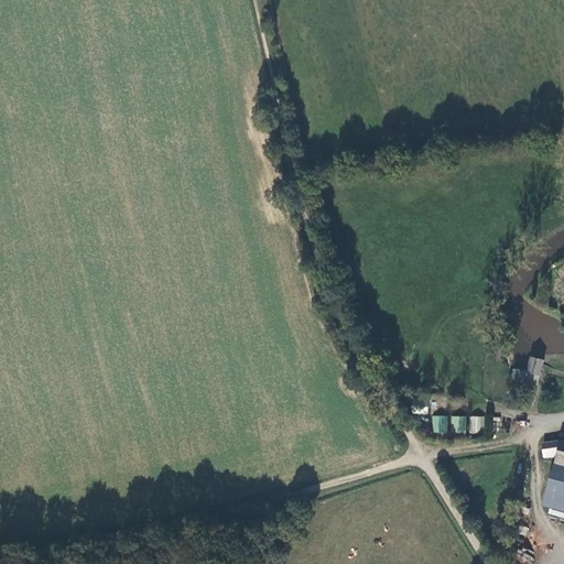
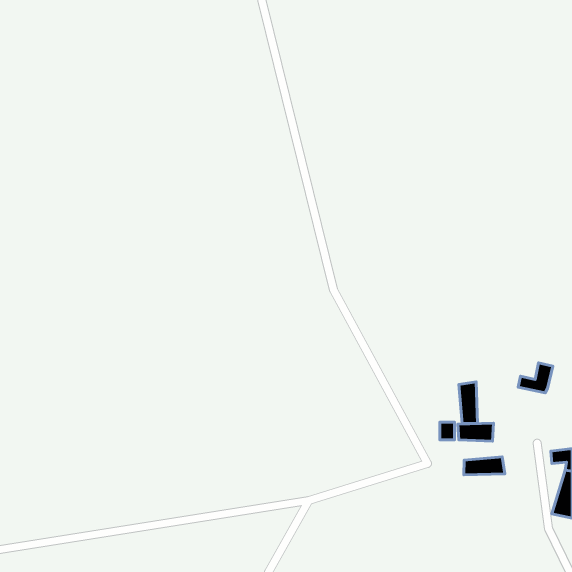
building: none -> [459,382,477,424]
building: none -> [464,457,505,475]

